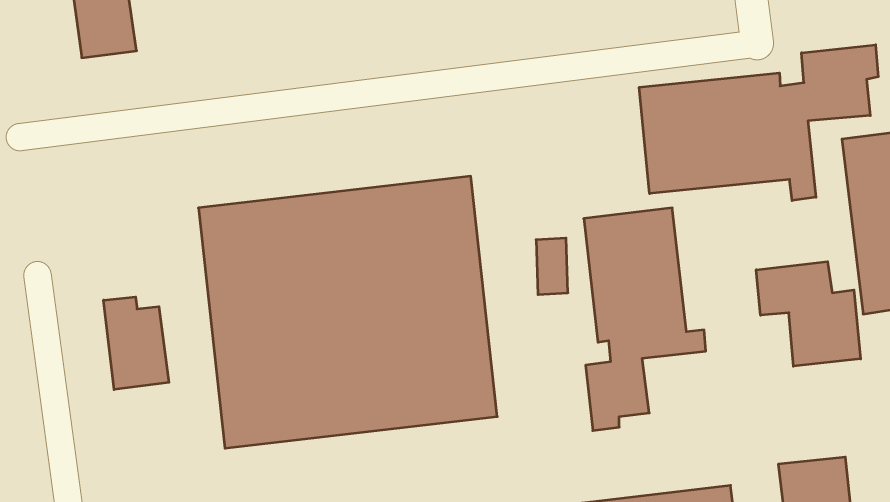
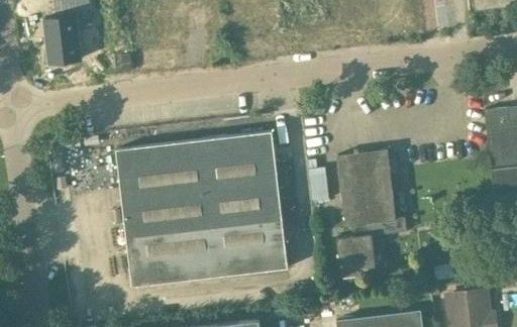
building: [639,45,878,201] -> none
building: [756,262,861,366] -> none
building: [104,297,169,390] -> none

